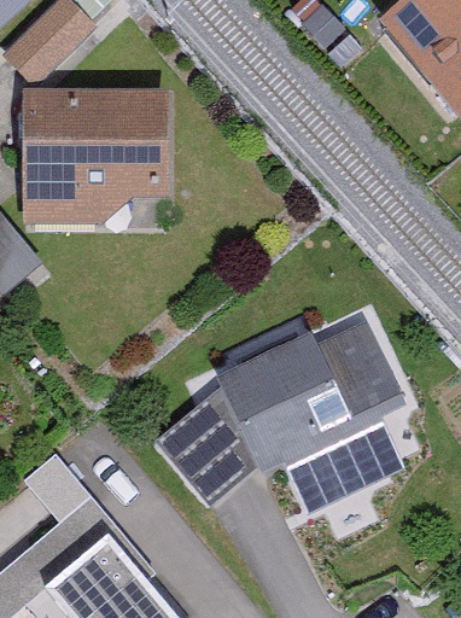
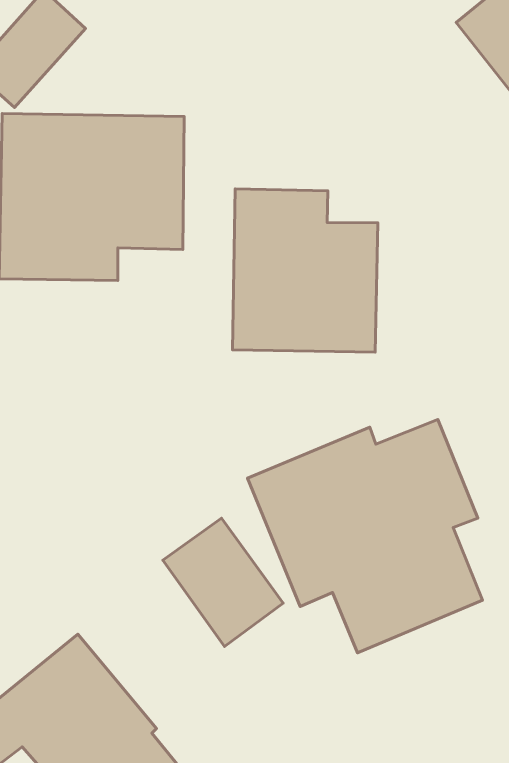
building: none -> [233,189,378,352]

